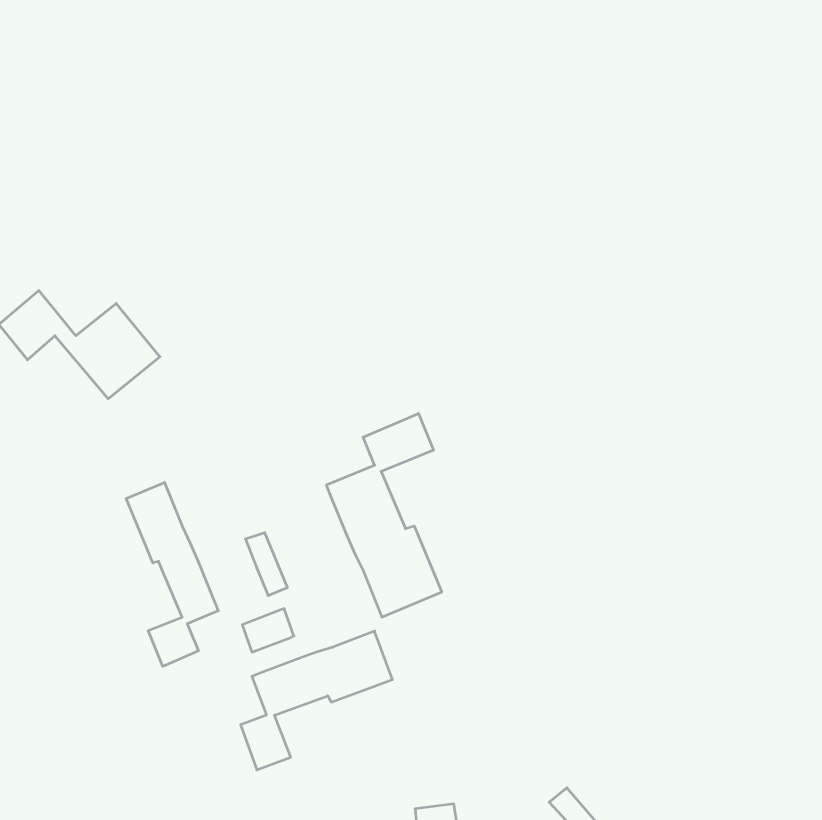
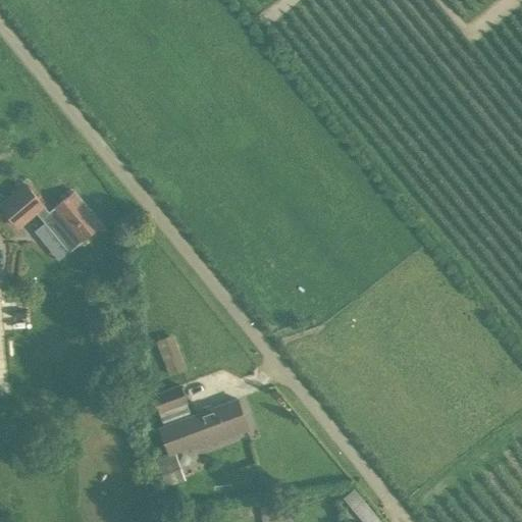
building: [327,413,442,617] -> none
building: [126,482,218,666] -> none

